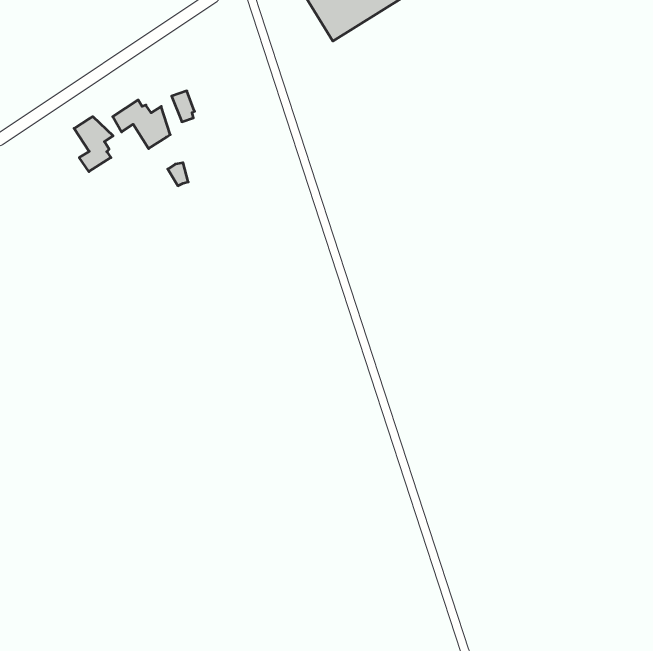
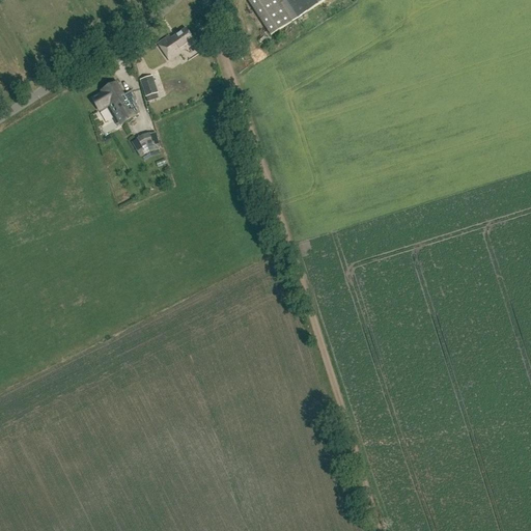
building: none -> [157,26,193,58]
building: [74,117,113,172] -> none

